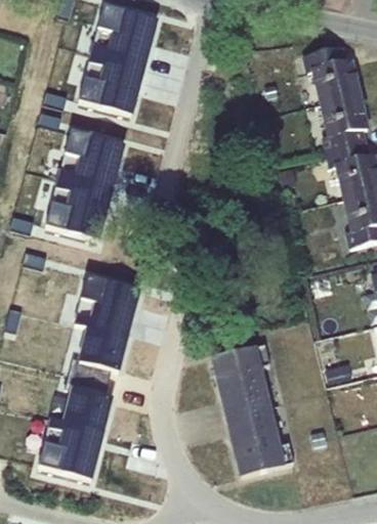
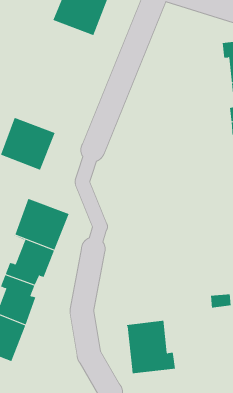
building: [78,51,143,113] -> none
building: [57,128,123,189] -> none
building: [211,343,271,414] -> none

